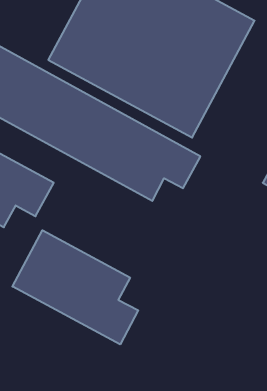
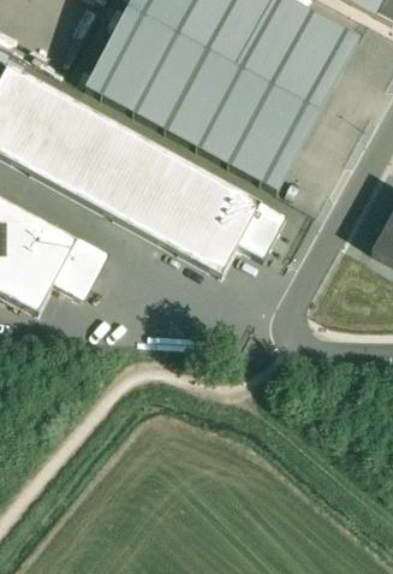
building: [12,230,138,344] -> none

